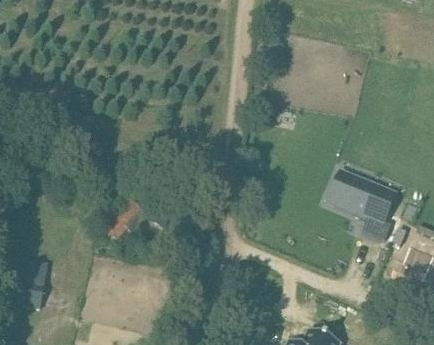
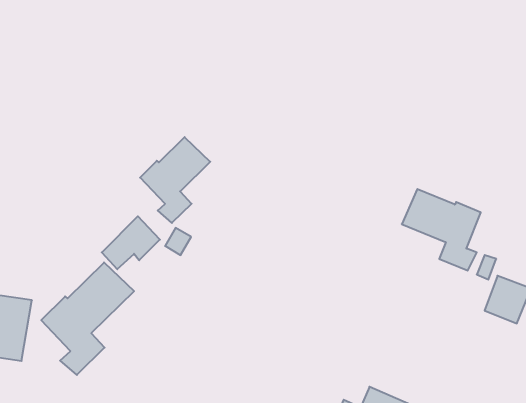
building: none -> [140,137,210,223]
building: none -> [41,262,134,375]

